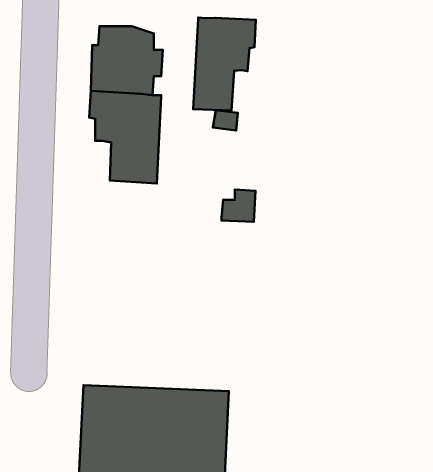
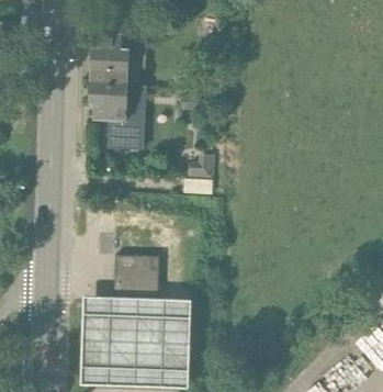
building: [193,17,256,111] -> none
building: none -> [113,254,158,301]

